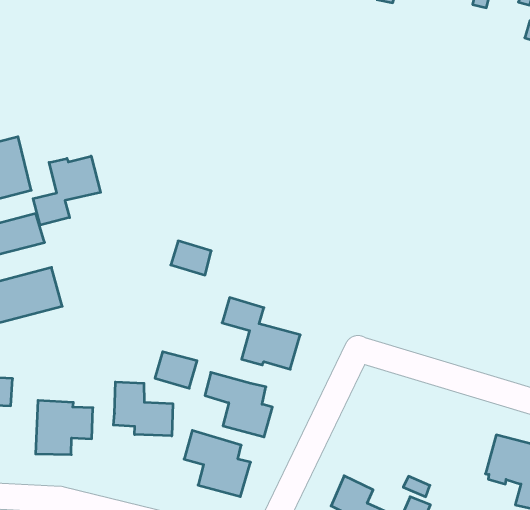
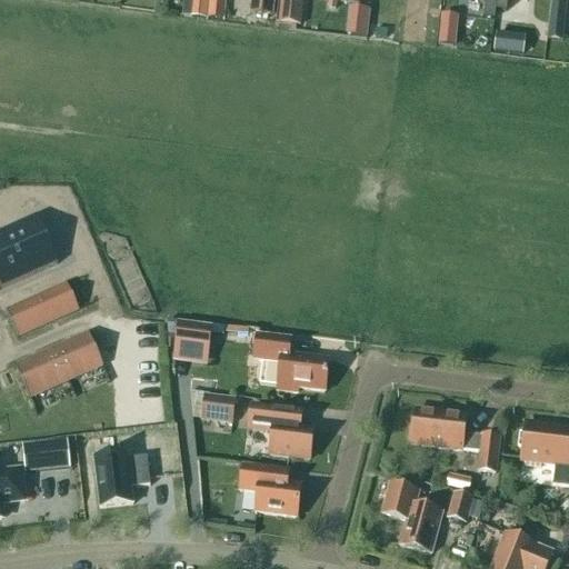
building: [33,156,101,225] -> none
building: [171,241,211,275] -> [176,321,211,349]
building: [113,382,173,436] -> none
building: none -> [411,407,500,469]

